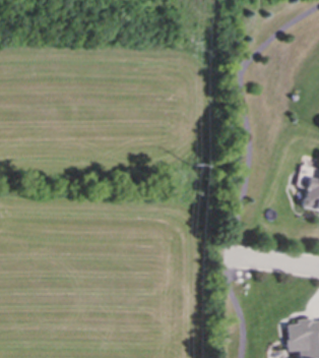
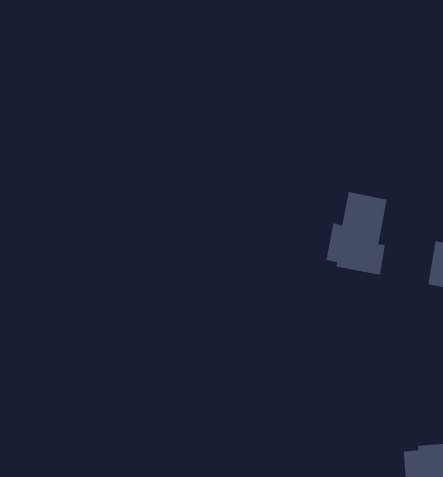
building: none -> [326,191,387,276]

